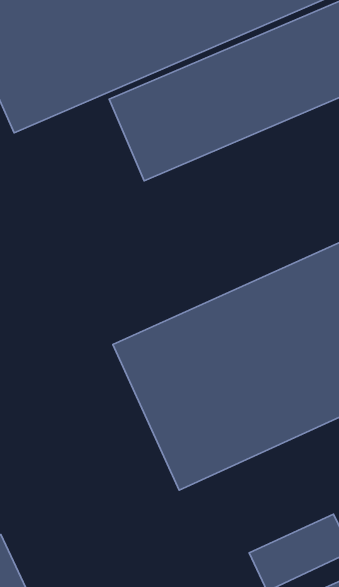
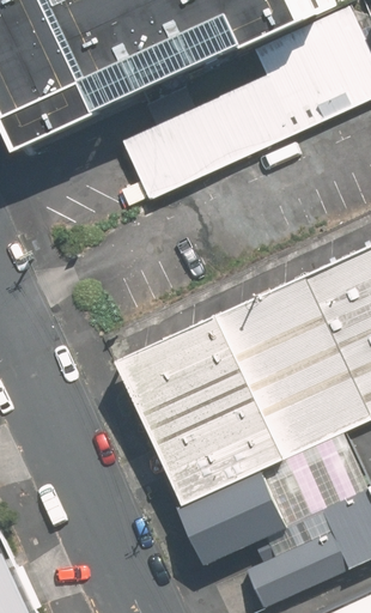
building: none -> [180,472,288,564]

